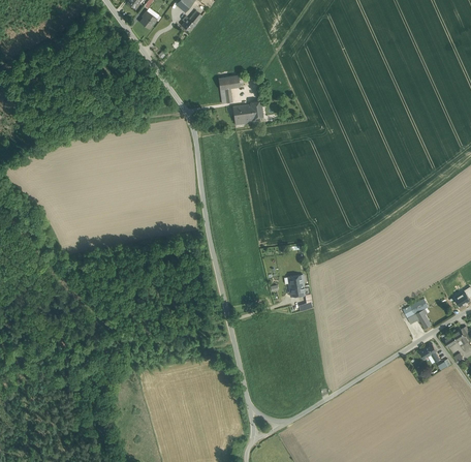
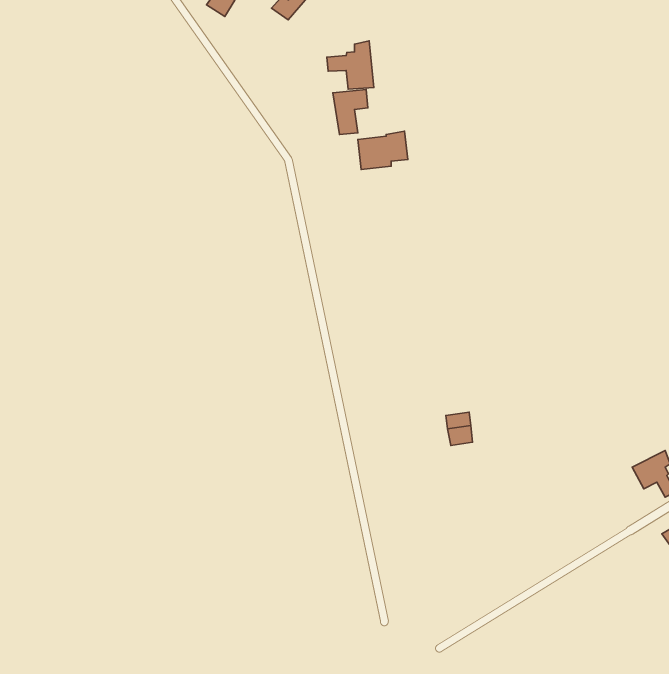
building: none -> [327,41,374,89]

